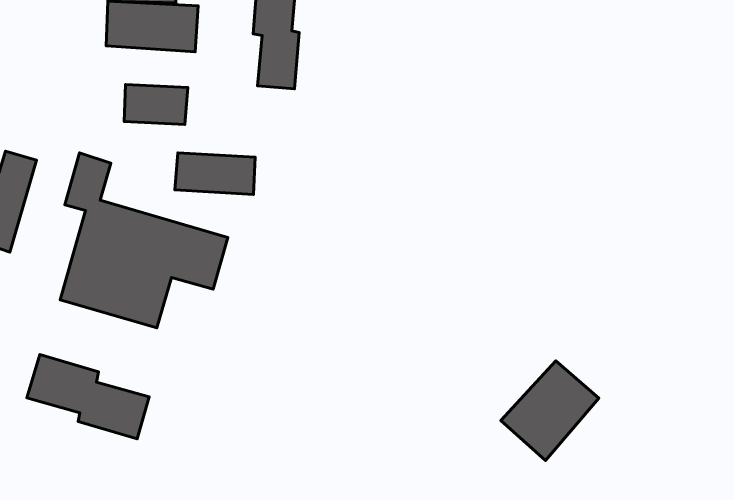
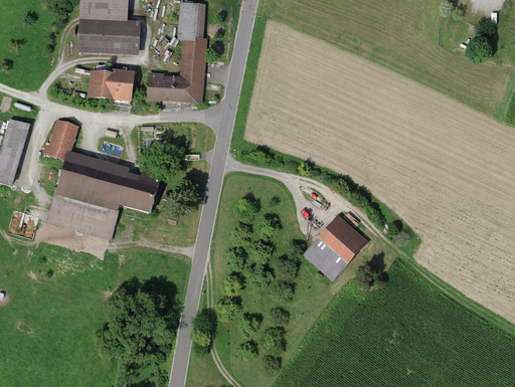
building: [175,153,255,194] -> [146,74,200,103]
building: [27,355,149,439] -> none
building: [501,361,599,460] -> [303,215,369,282]

